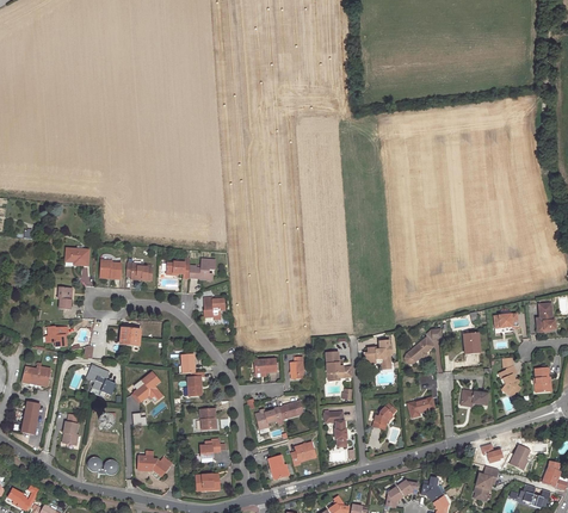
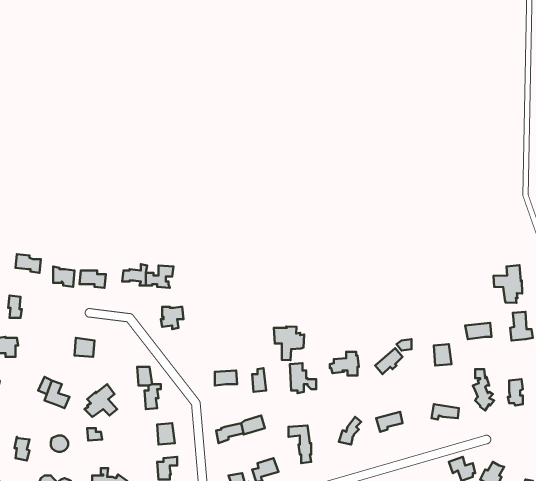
building: none -> [494,265,522,303]
building: none -> [274,326,304,360]

